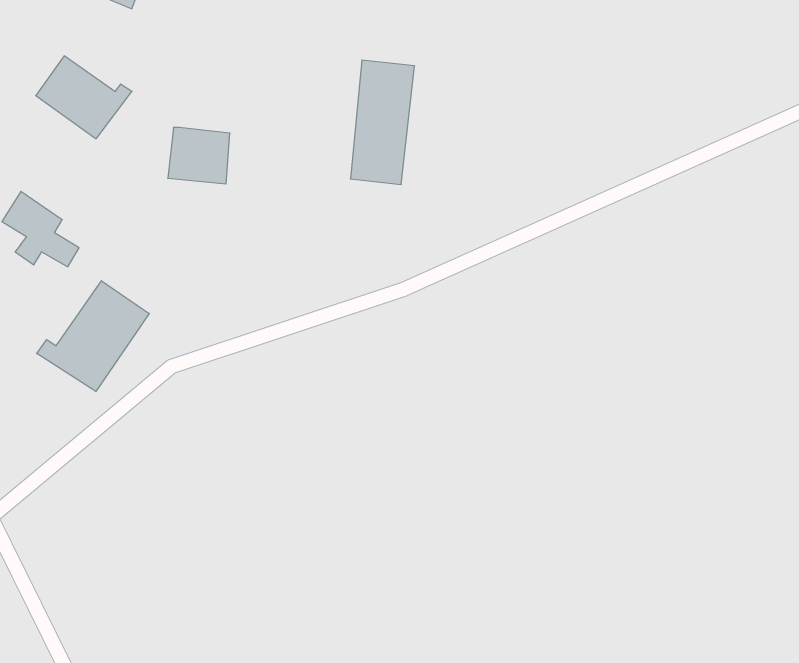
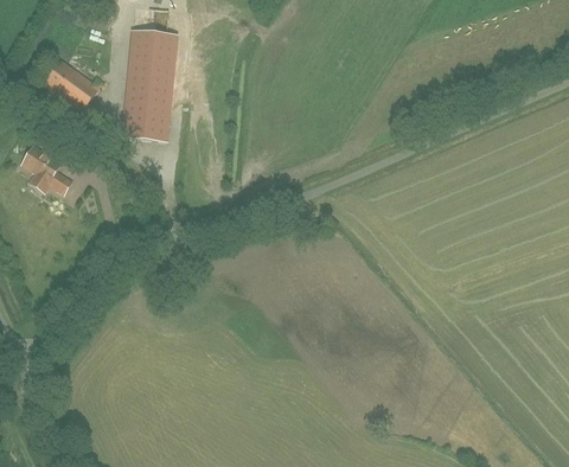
building: [350,60,415,185] -> [133,30,173,108]
building: [37,281,149,391] -> none

